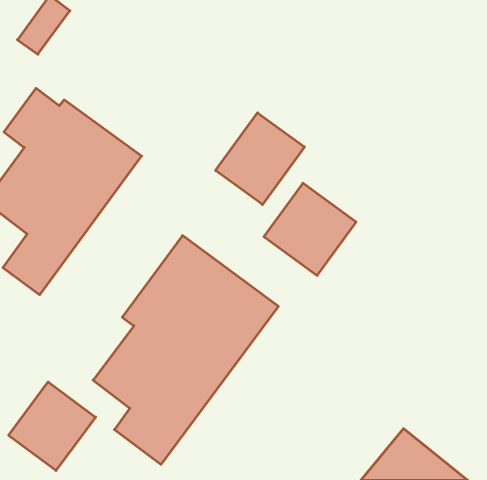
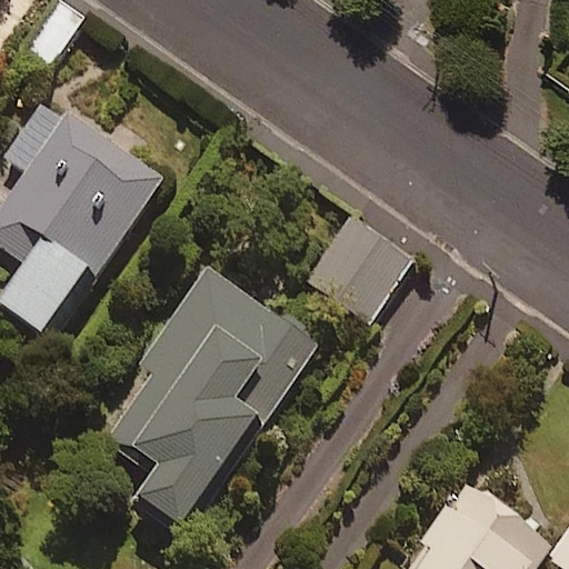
building: [216,113,304,205] -> none
building: [9,382,96,471] -> none

